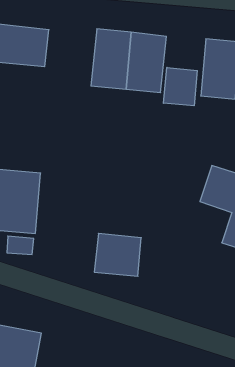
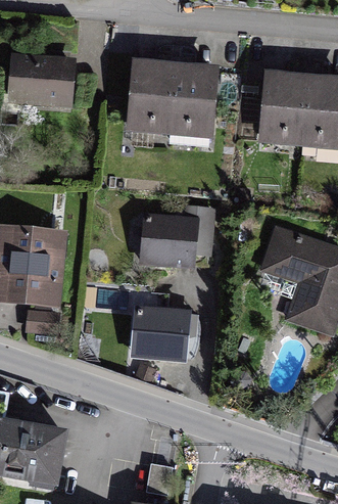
building: [163,67,197,106] -> none
building: none -> [138,214,199,264]

